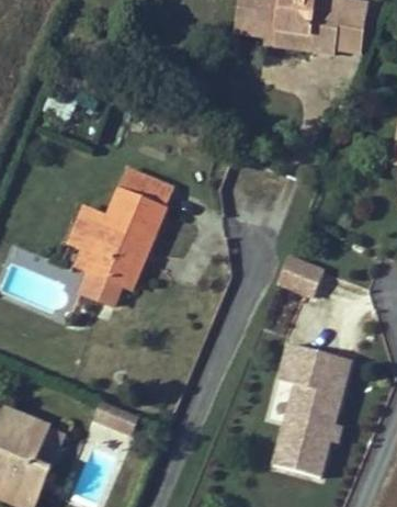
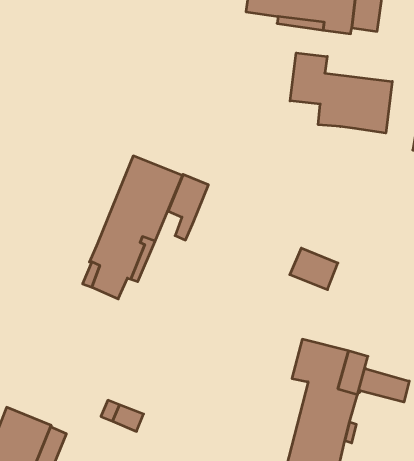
building: none -> [290,53,392,133]
building: [69,207,107,270] -> [168,174,208,240]
building: none -> [358,369,409,402]

